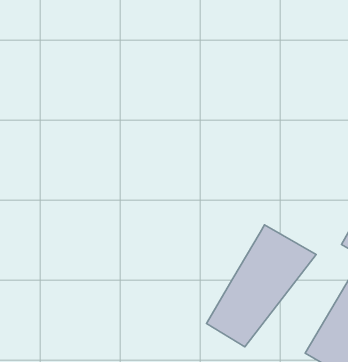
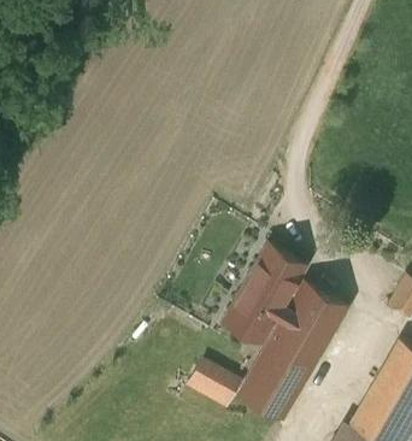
building: none -> [224,245,306,342]
building: none -> [189,359,241,405]

